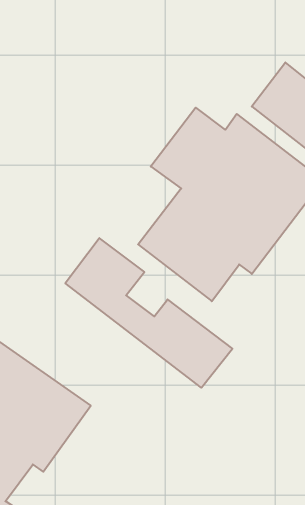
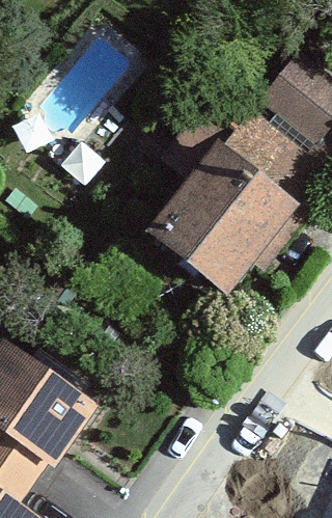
building: [65,238,232,388] -> none

